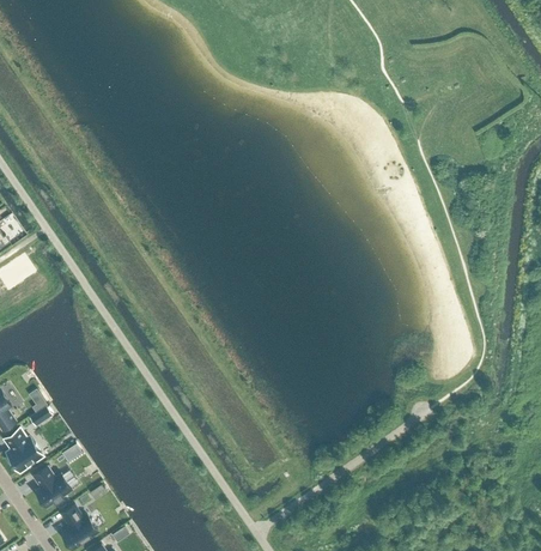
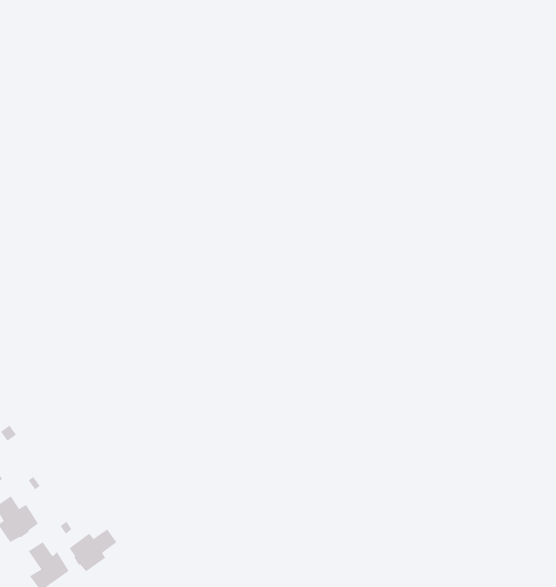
building: none -> [69,528,117,572]

